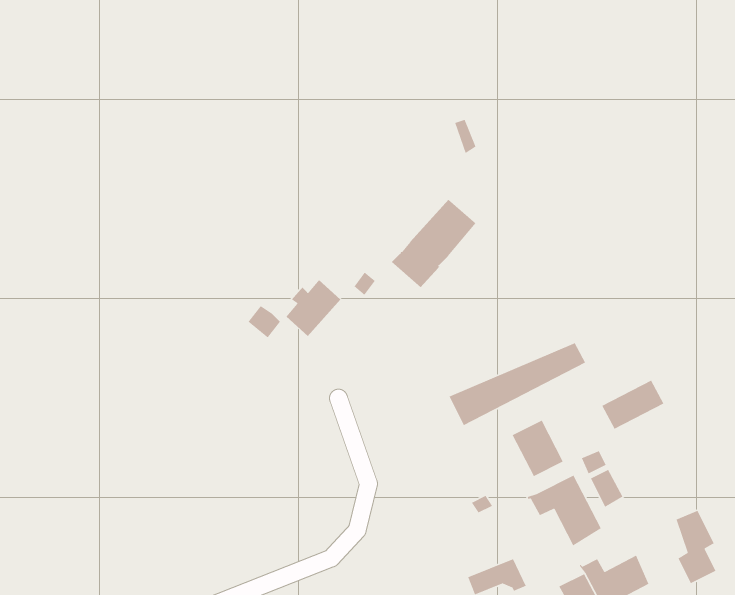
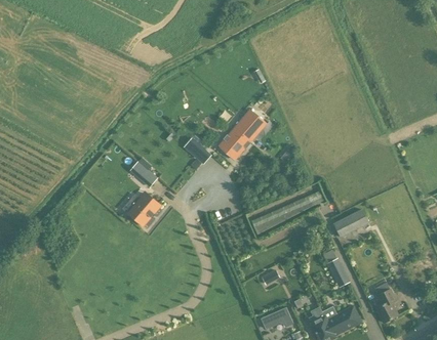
building: [285,279,341,337] -> [130,195,161,226]
building: [512,419,564,477] -> none
building: [527,474,602,547] -> none

